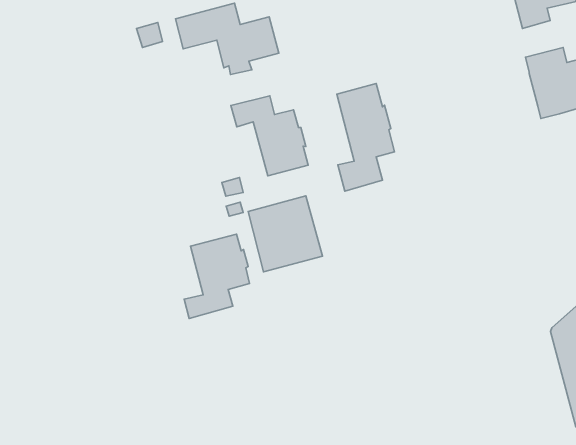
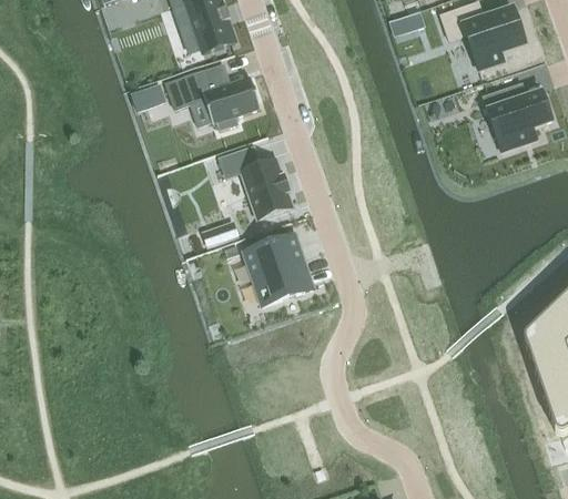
building: [337,84,394,191] -> none
building: [184,234,250,319] -> none

